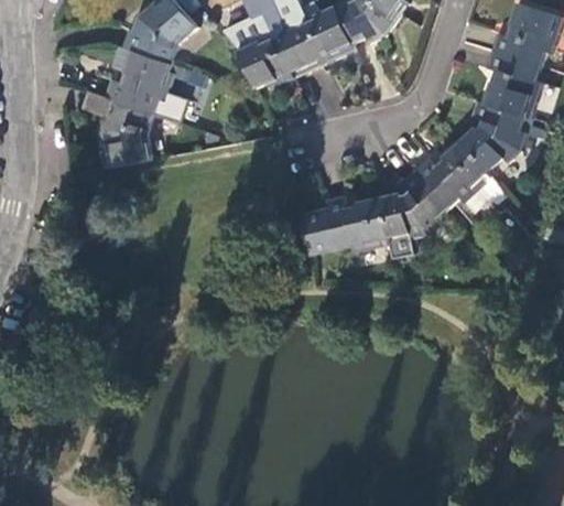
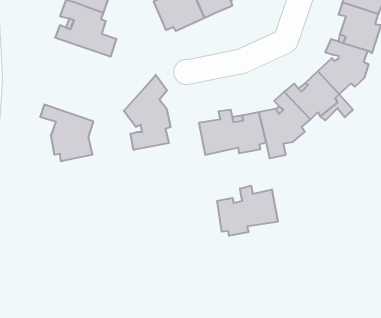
building: [83,90,154,166] -> [40,104,93,161]
building: none -> [124,75,171,150]
building: none -> [217,186,278,236]

